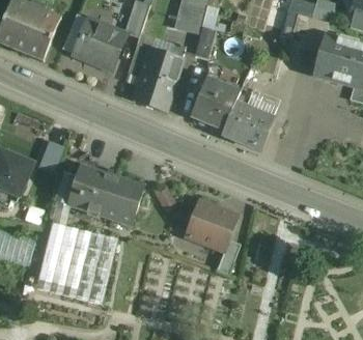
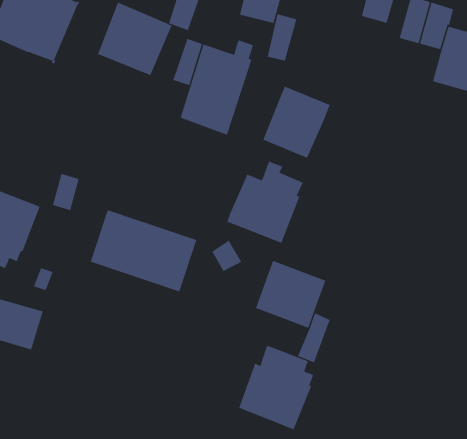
building: [221,91,276,150] -> [227,161,303,244]
building: [37,222,117,304] -> none
building: none -> [239,344,314,430]

